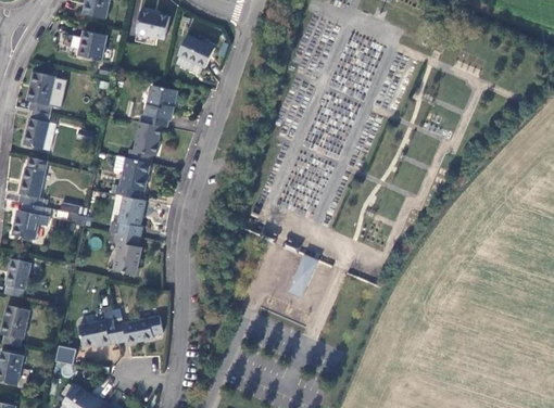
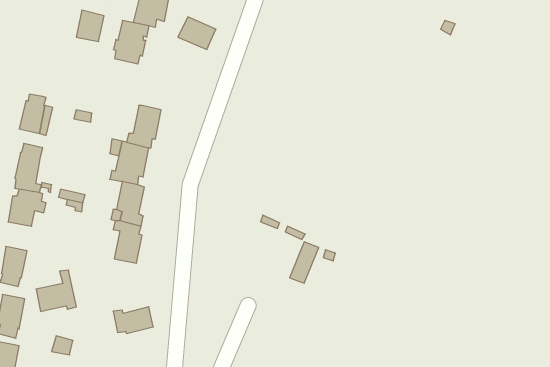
building: [28,71,55,113] -> none
building: [142,85,177,127] -> [113,20,149,64]
building: [80,306,119,346] -> [36,270,76,311]

